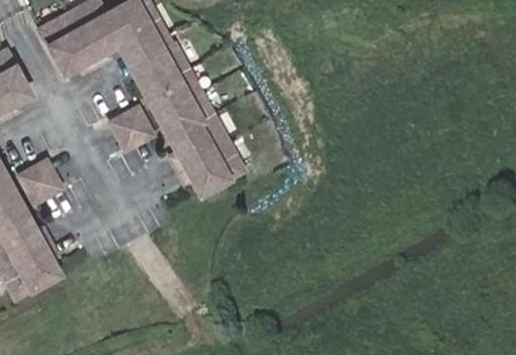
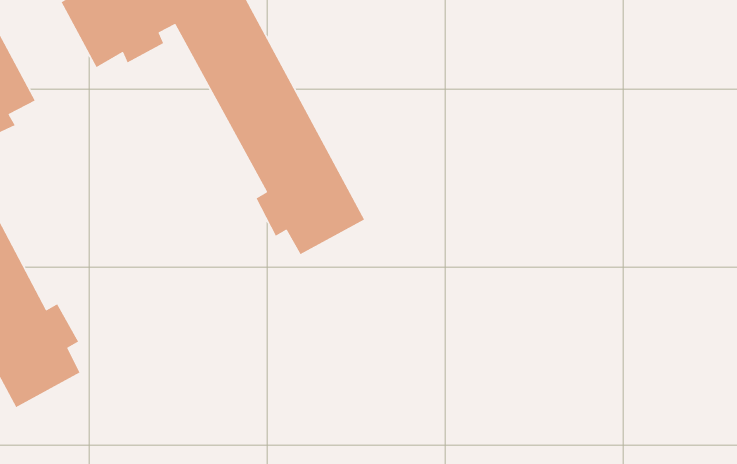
building: [113,109,153,150] -> none
building: [21,157,61,200] -> none

